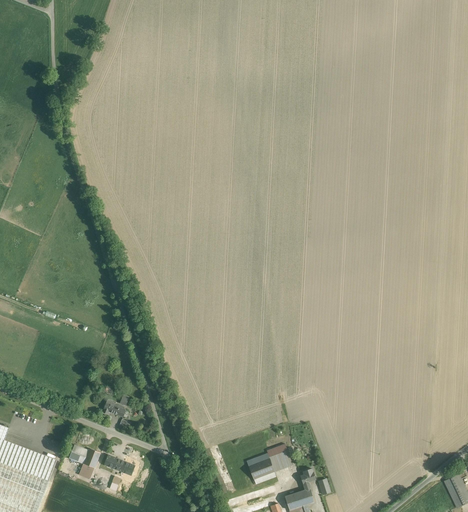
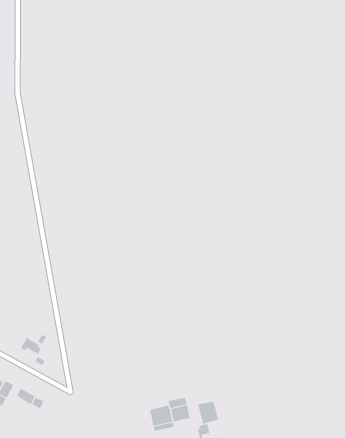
building: none -> [198,401,219,425]

